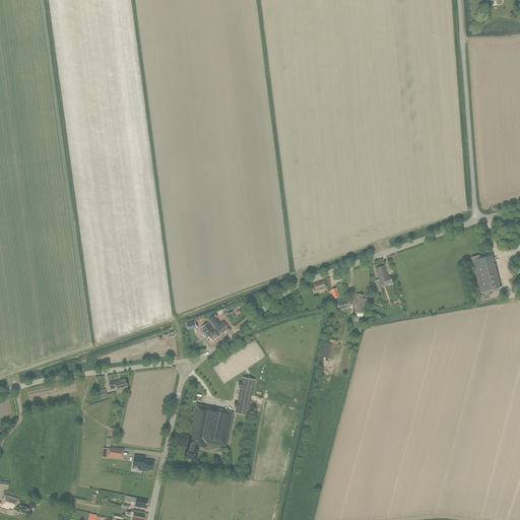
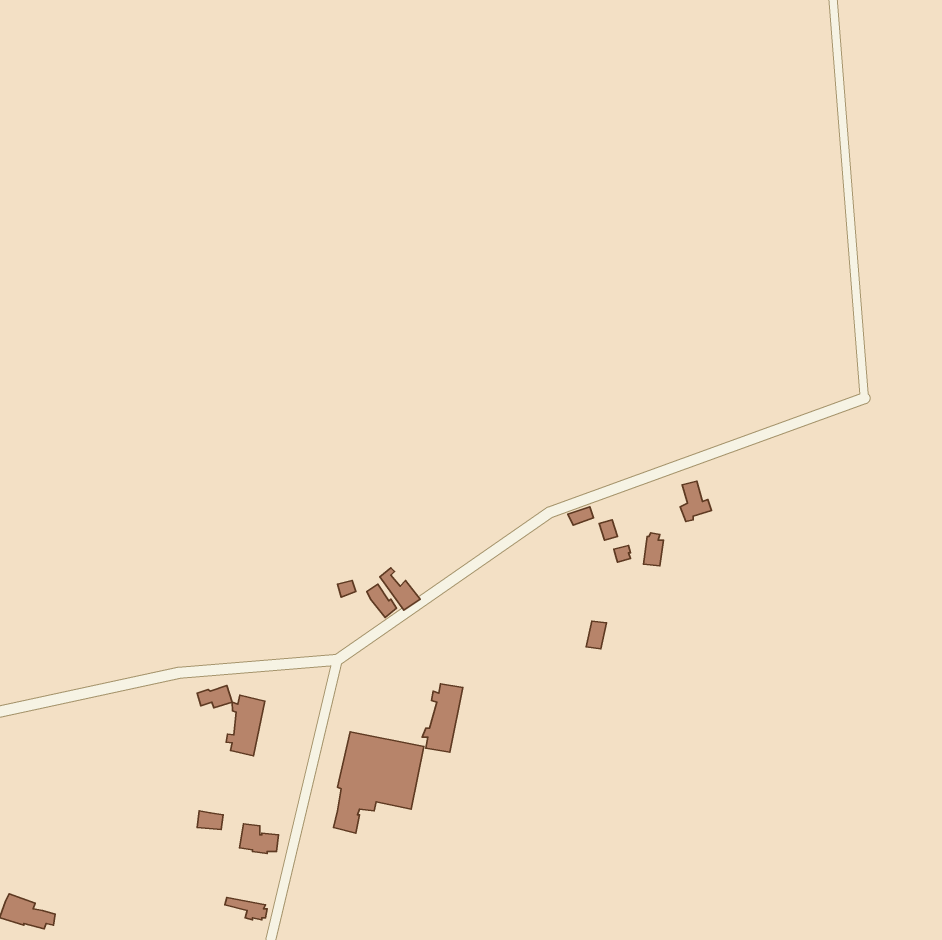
building: [474,263,501,292] -> none
building: none -> [226,695,265,756]

